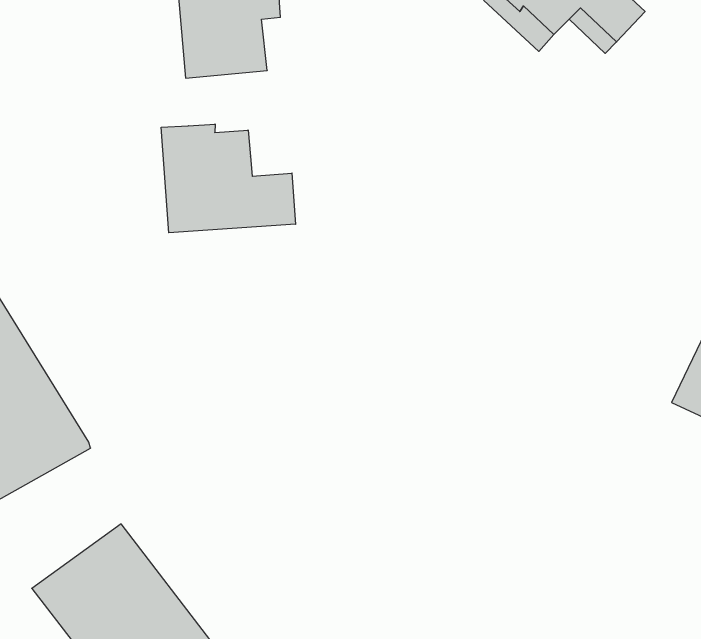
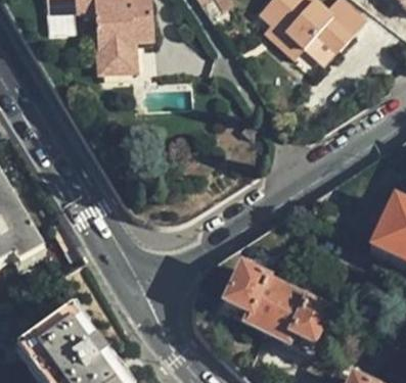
building: [161,124,296,233] -> none
building: none -> [223,266,323,343]

